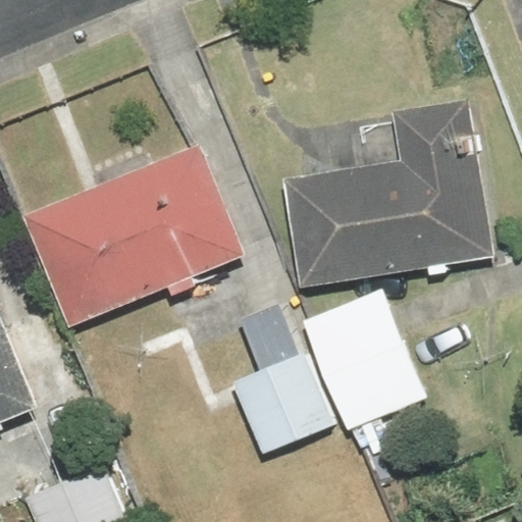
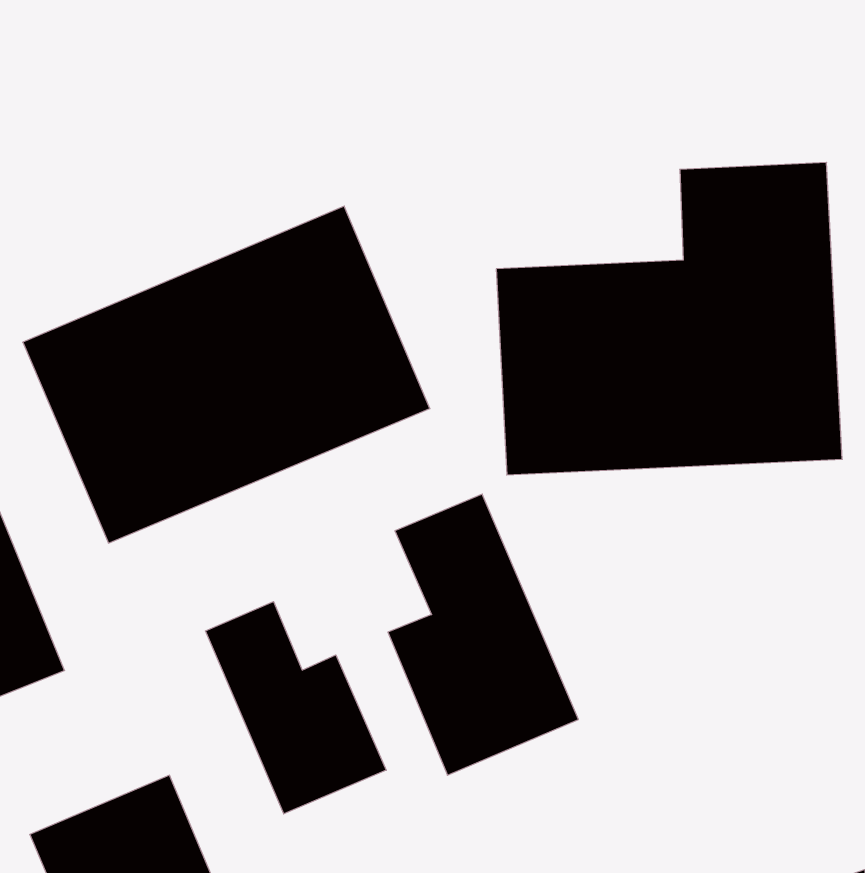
building: [305,294,428,435] -> none
building: none -> [206,602,386,814]

